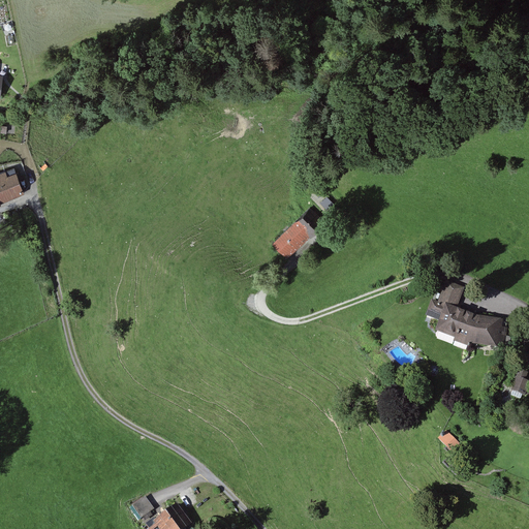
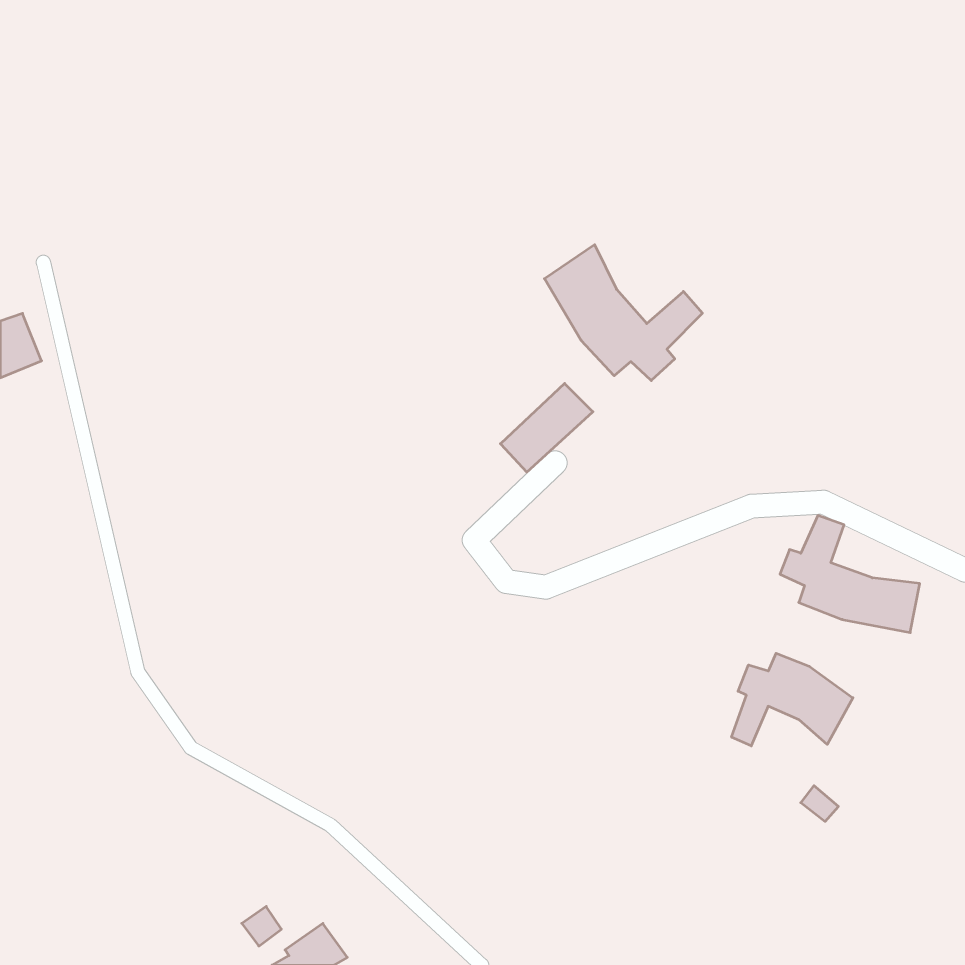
building: none -> [544,245,702,381]
building: none -> [732,653,853,746]

